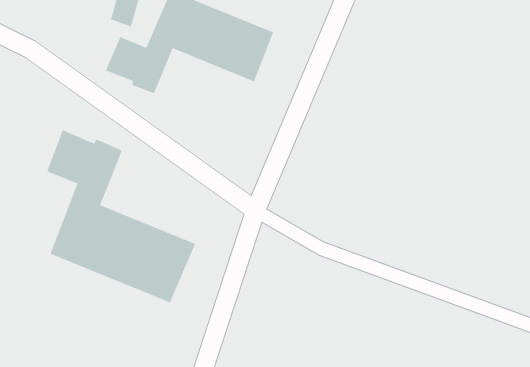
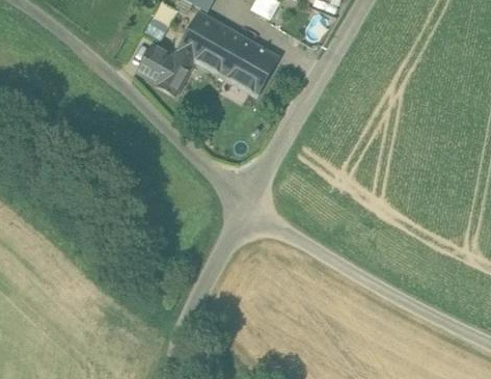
building: [47,130,196,303] -> none

